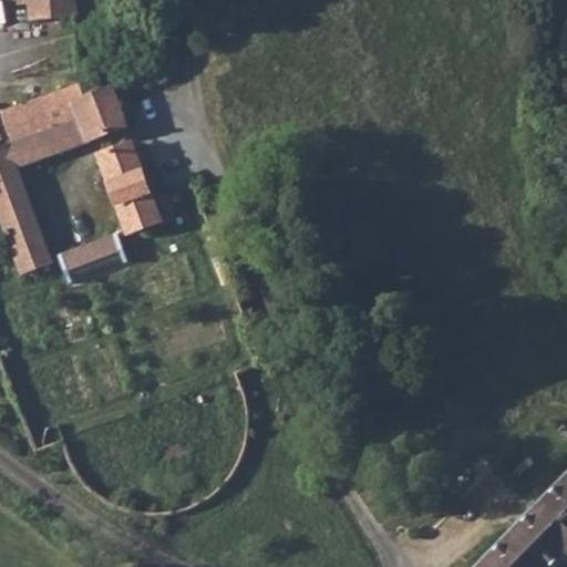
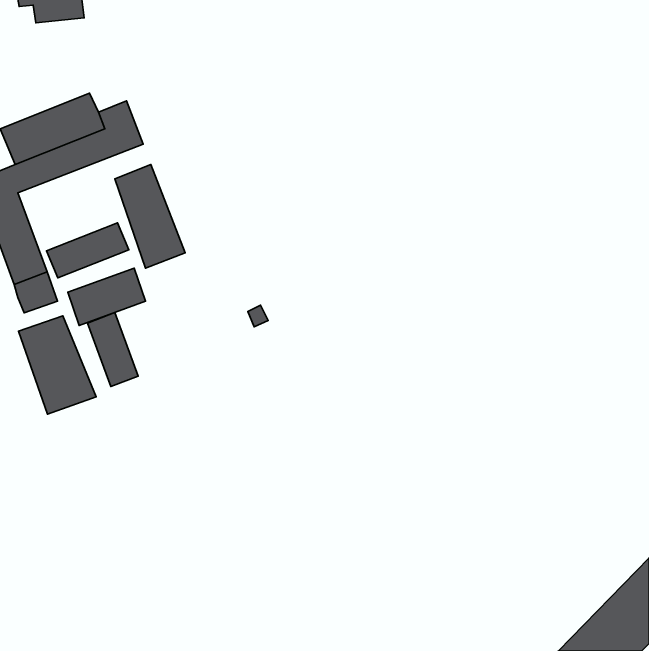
building: none -> [46,223,129,278]
building: none -> [88,312,138,387]
building: none -> [19,316,96,414]

